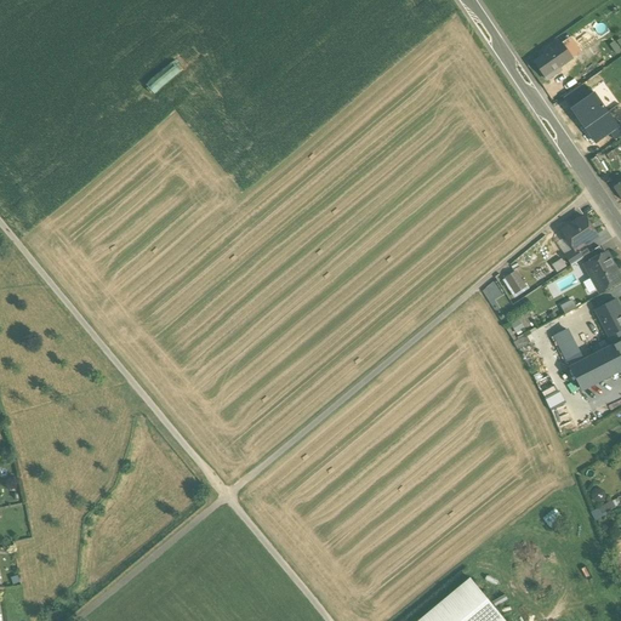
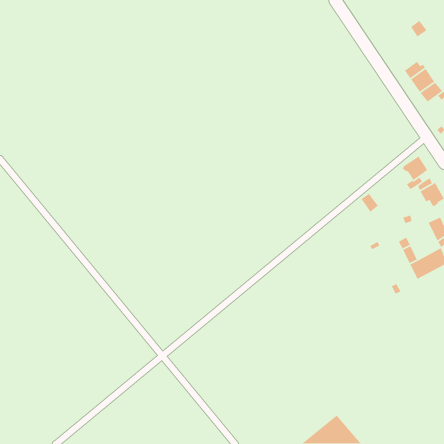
building: [536,45,572,81] -> none

